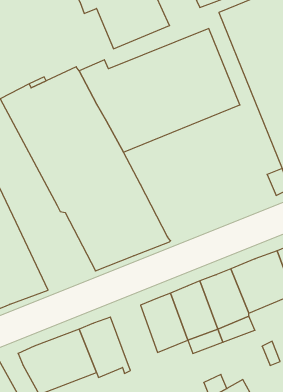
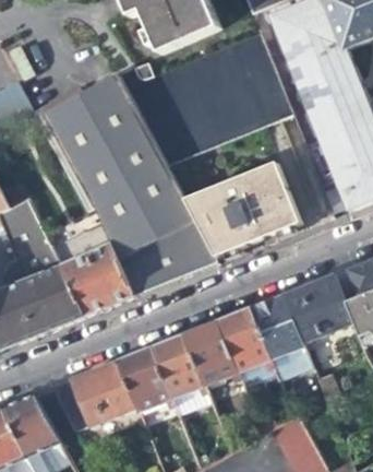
building: none -> [185,167,298,259]
building: none -> [50,225,136,317]
building: none -> [153,333,206,399]

